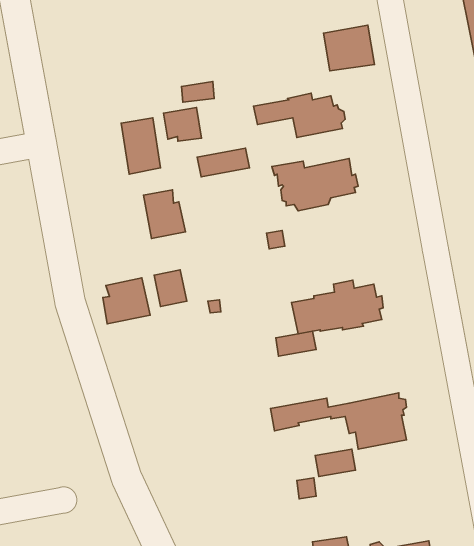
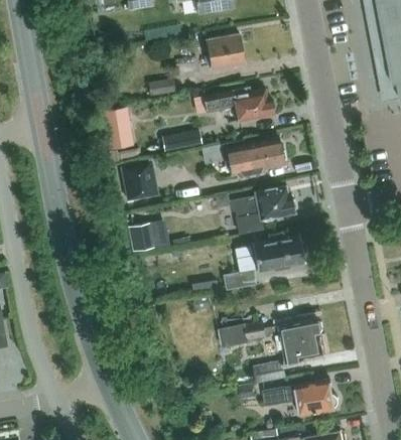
building: [323,25,374,71] -> [207,33,246,68]
building: [163,108,201,141] -> none
building: none -> [234,187,297,234]
building: [103,278,150,324] -> none
building: none -> [263,380,339,416]

